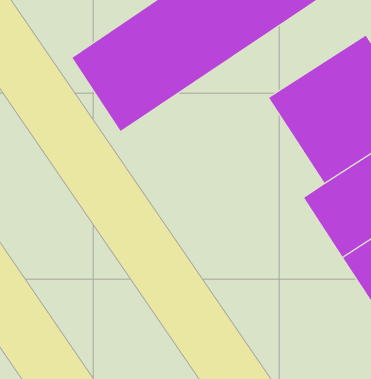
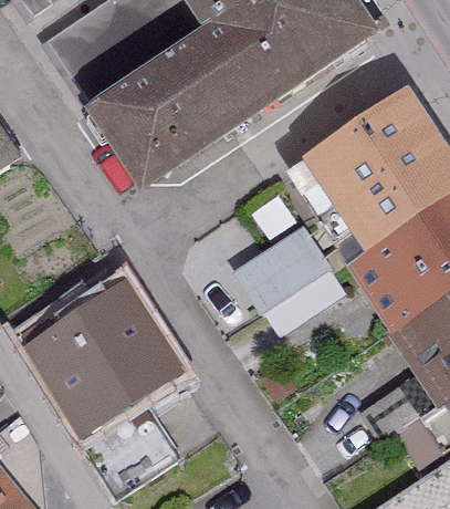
building: none -> [228,221,339,331]
building: none -> [20,282,171,426]

